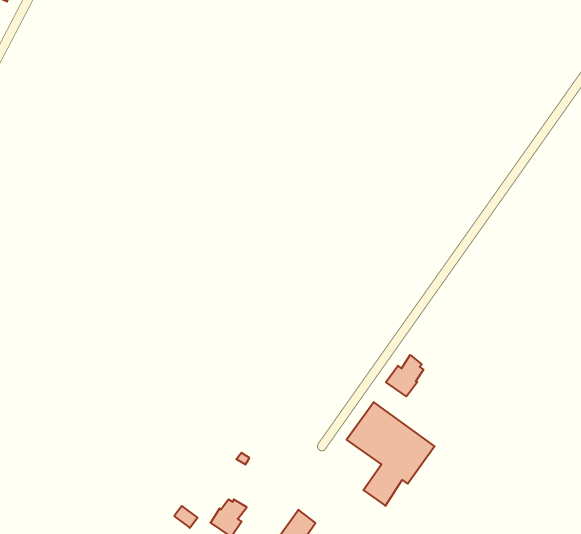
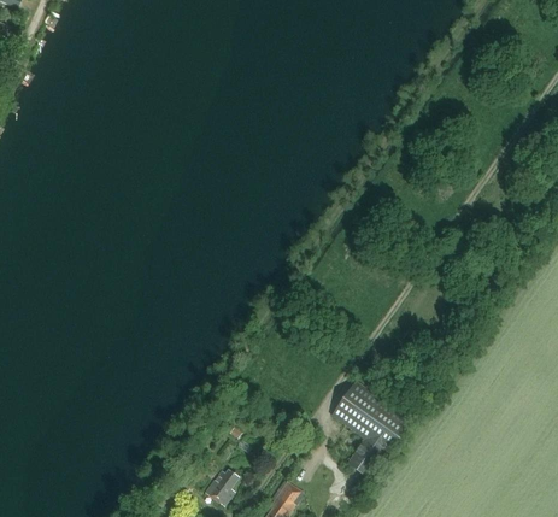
building: [386,355,423,396] -> none

